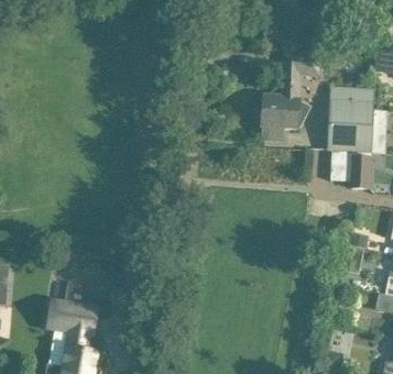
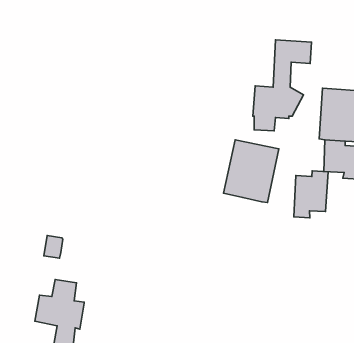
building: none -> [224,140,279,202]
building: none -> [294,171,328,218]

